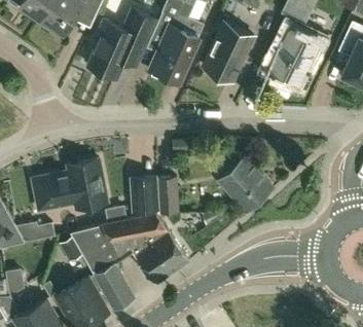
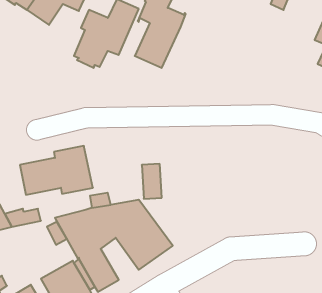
building: [269,21,327,82] -> none
building: [203,23,254,81] -> none
building: [216,157,274,214] -> none
building: [132,177,158,213] -> none

